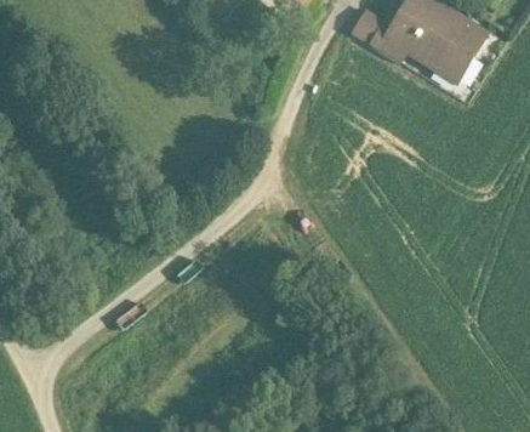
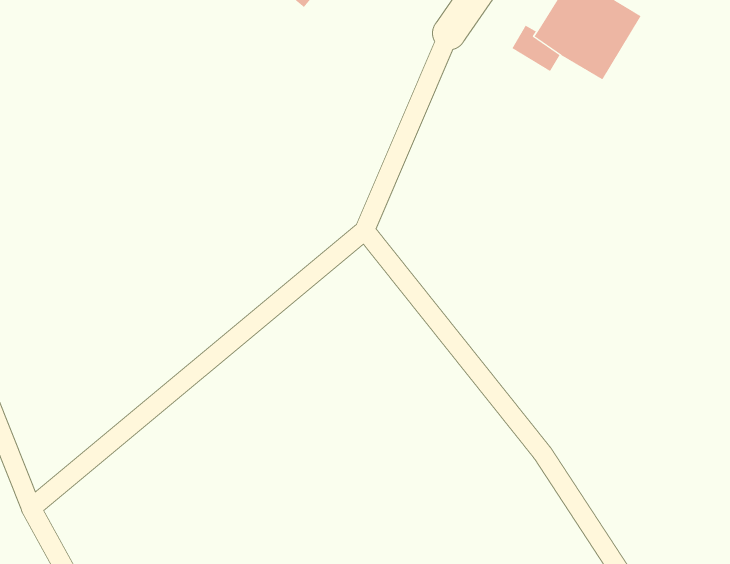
building: [434,17,484,75] -> none

